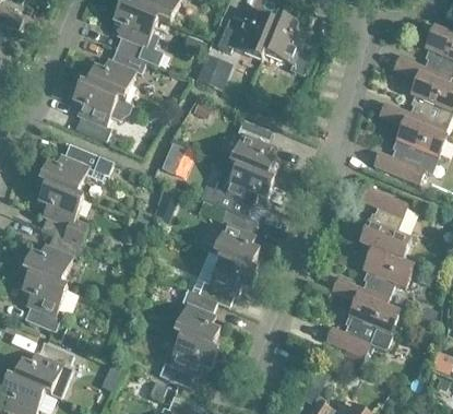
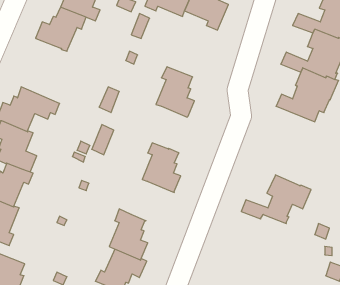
building: [72,81,131,141] -> none
building: [213,165,274,216] -> none
building: [358,185,410,260] -> none
building: [184,255,258,307] -> none
building: [325,294,400,356] -> none

